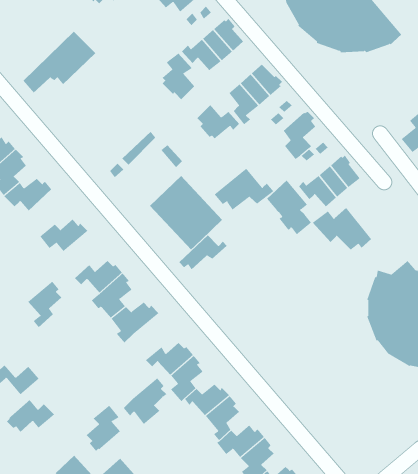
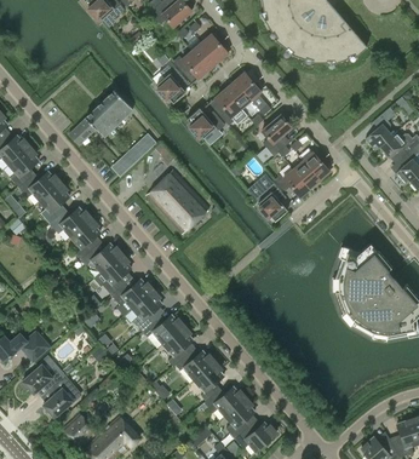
building: [23,31,96,93] -> [70,91,134,145]
building: [214,168,274,210] -> none
building: none -> [41,182,70,223]
building: [312,207,372,251] -> none
building: [179,234,228,270] -> none
building: [27,281,62,328] -> [71,218,102,259]
building: [123,378,167,425] -> [125,289,163,331]
building: [86,405,121,452] -> [44,378,74,419]

